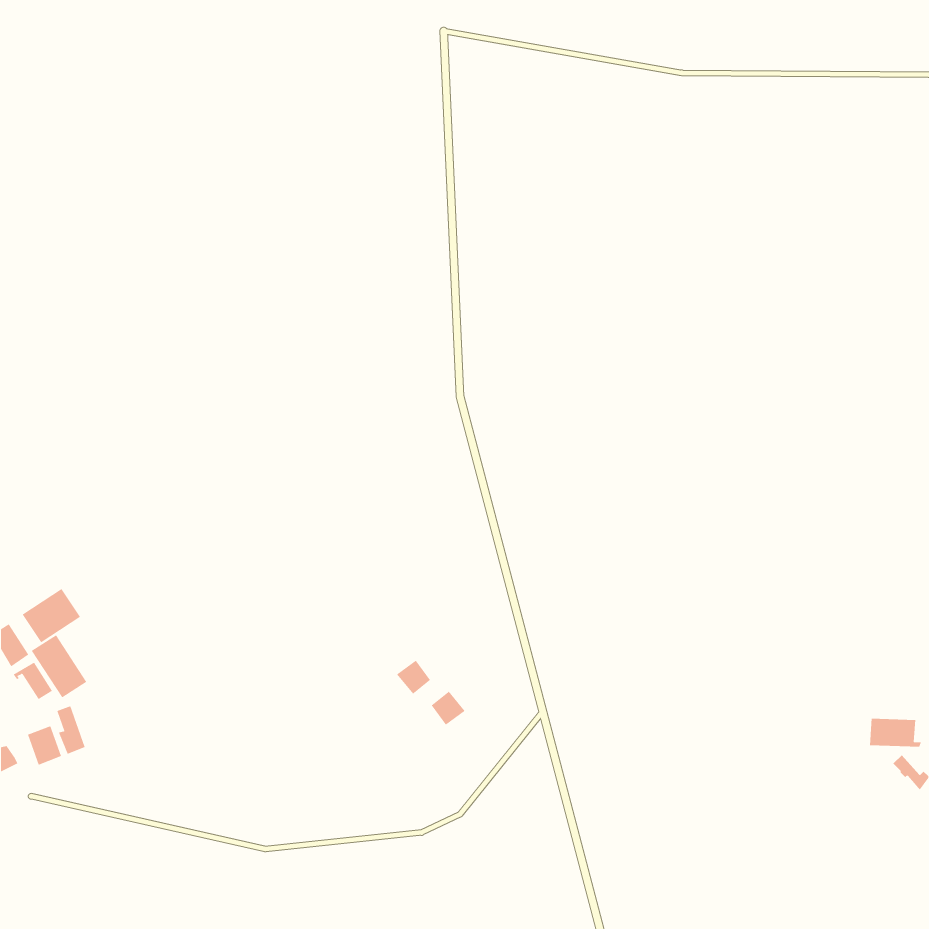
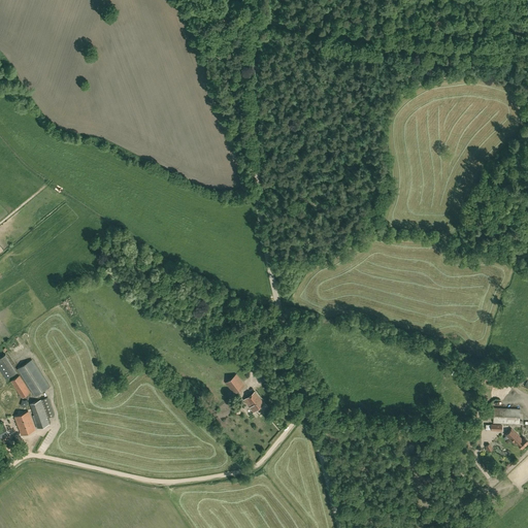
building: [22,588,81,643] -> none

